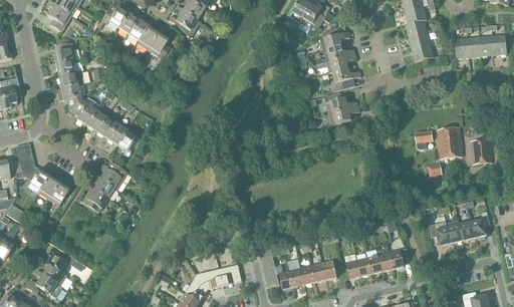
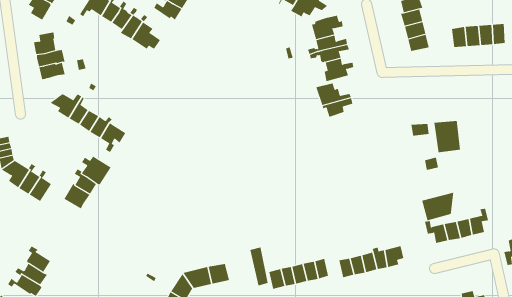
building: [56,84,80,110] -> none
building: [471,139,492,164] -> none
building: none -> [421,192,454,221]

